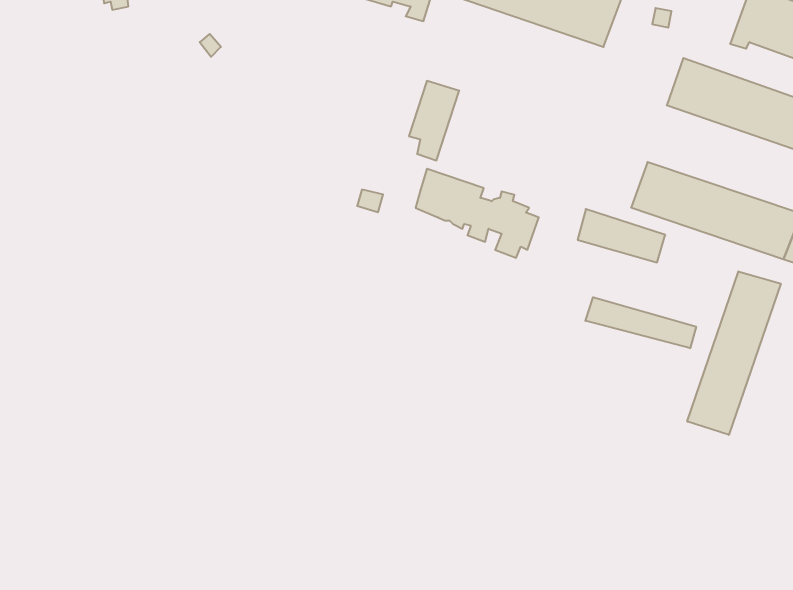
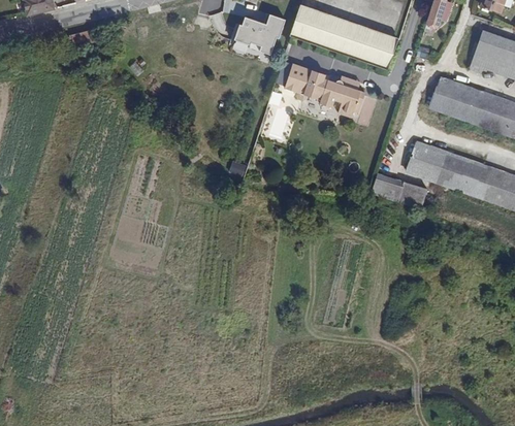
building: [416,169,539,258] -> [287,62,365,119]
building: [687,271,781,435] -> none
building: [585,297,696,348] -> none

